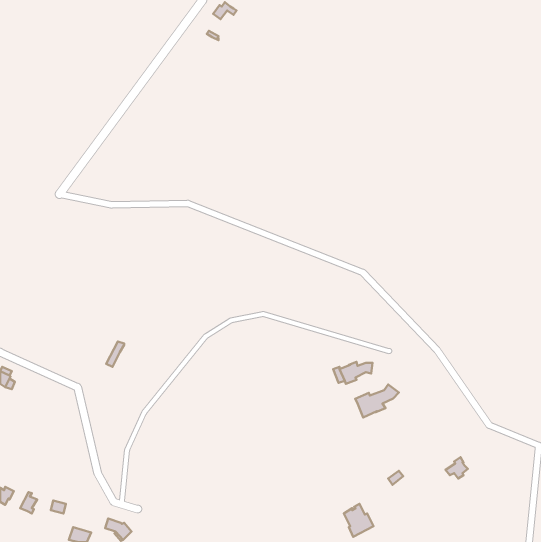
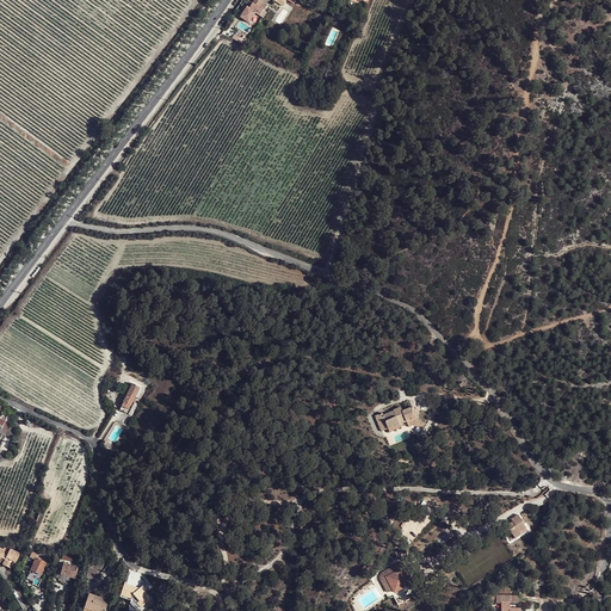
building: [355,384,399,417] -> none

